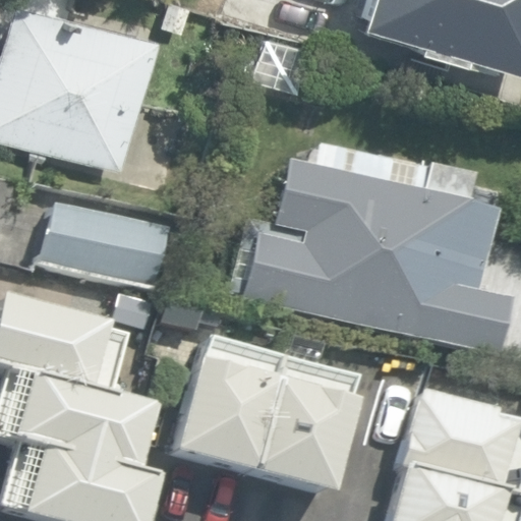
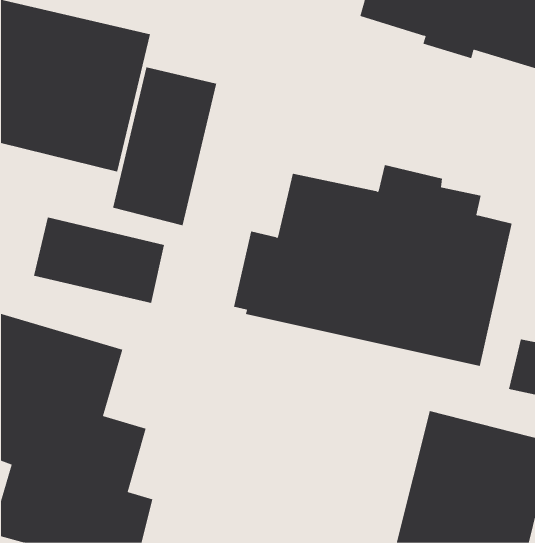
building: none -> [113,66,217,226]
building: [172,335,360,497] -> none

